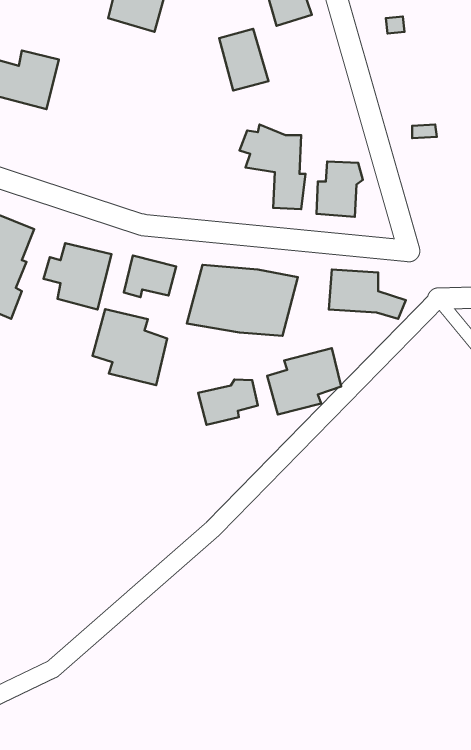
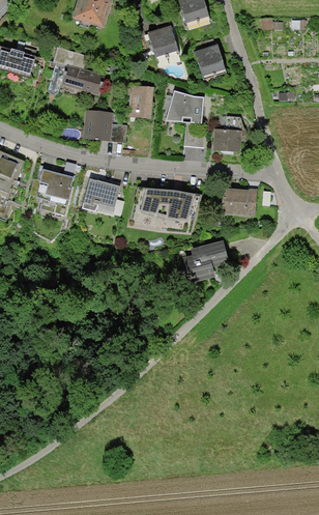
building: none -> [196,45,226,78]
building: none -> [53,48,106,96]
building: none -> [127,85,153,118]
building: none -> [82,110,125,142]
building: [93,309,167,385] -> none
building: [198,379,258,425] -> none

